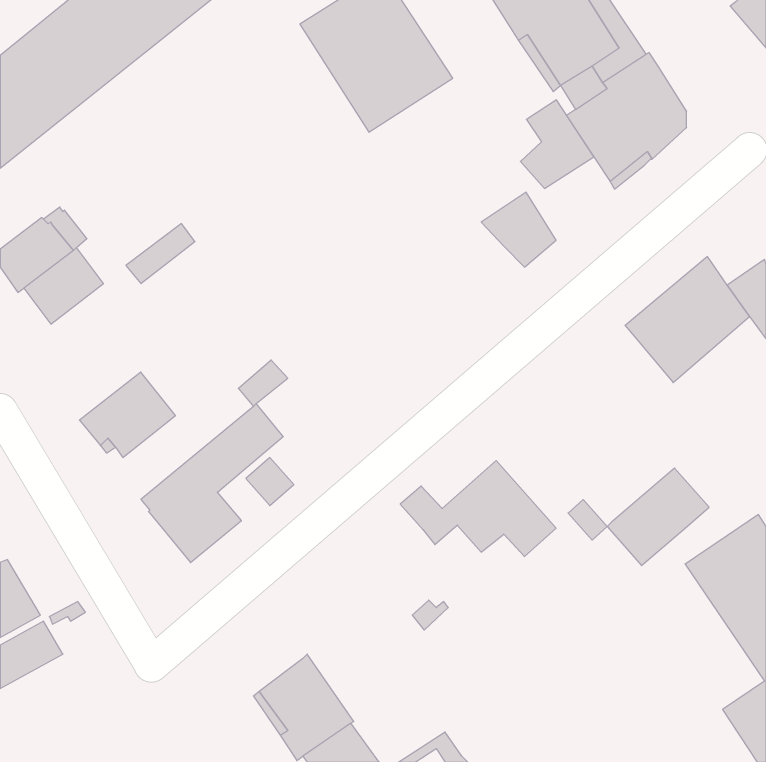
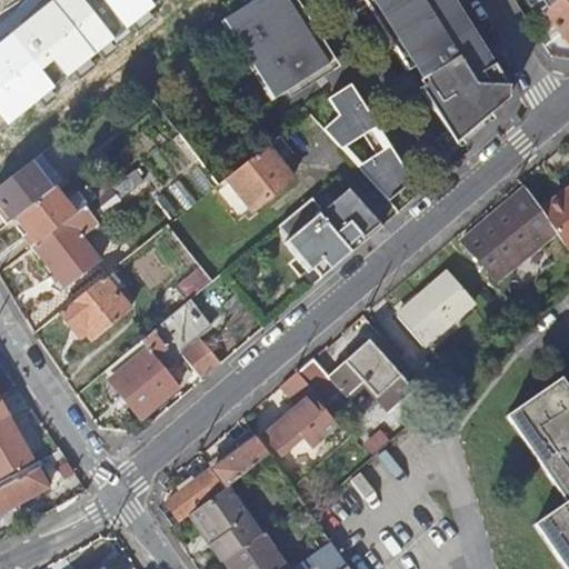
building: [520,100,594,188] -> [323,81,378,147]
building: none -> [226,133,292,209]
building: none -> [280,172,383,273]
building: none -> [34,202,101,283]
building: [607,468,709,566] -> [398,273,473,346]
building: none -> [266,373,333,455]
building: none -> [167,433,267,520]

